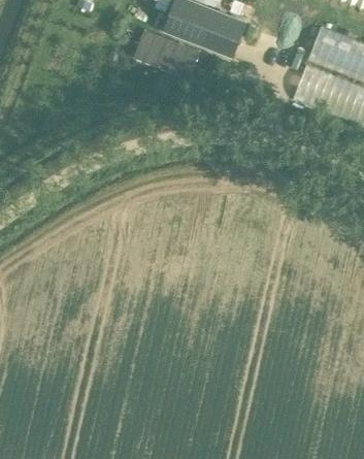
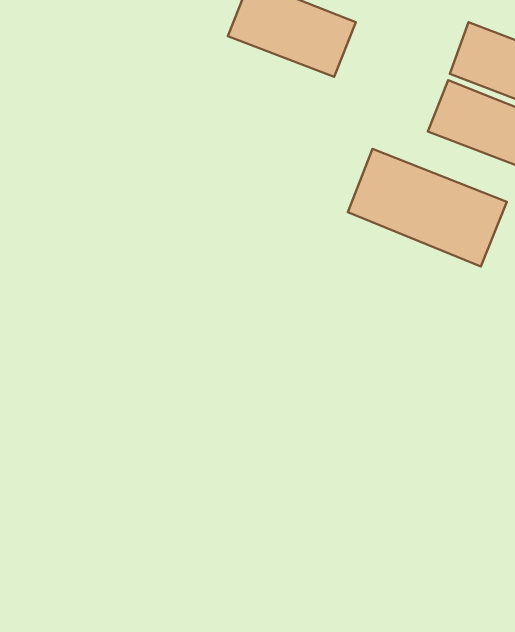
building: [132,28,198,77] -> none
building: none -> [348,149,507,266]

